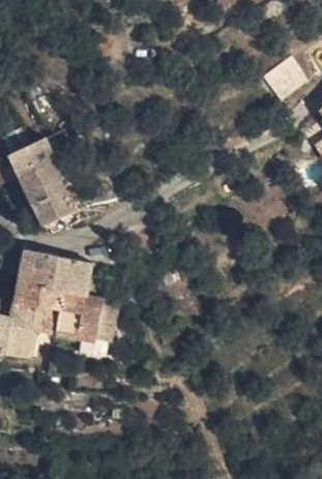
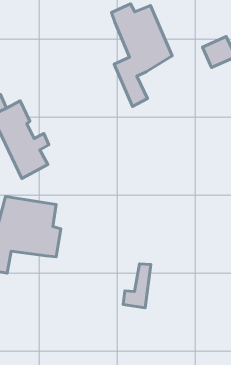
building: none -> [111,4,172,106]
building: [72,296,108,352] -> [123,264,151,308]

